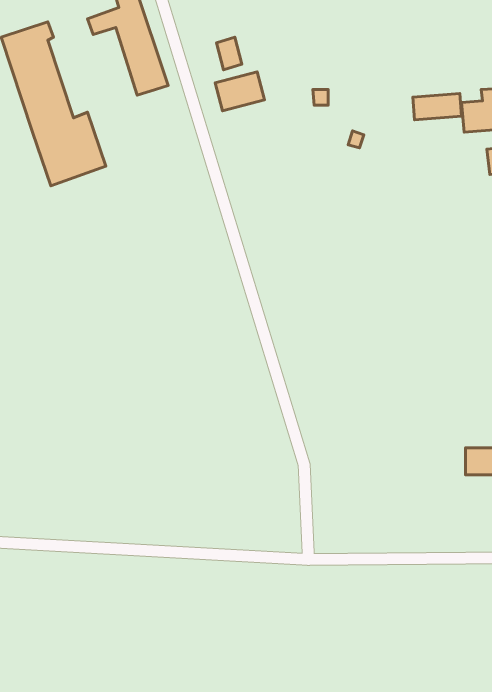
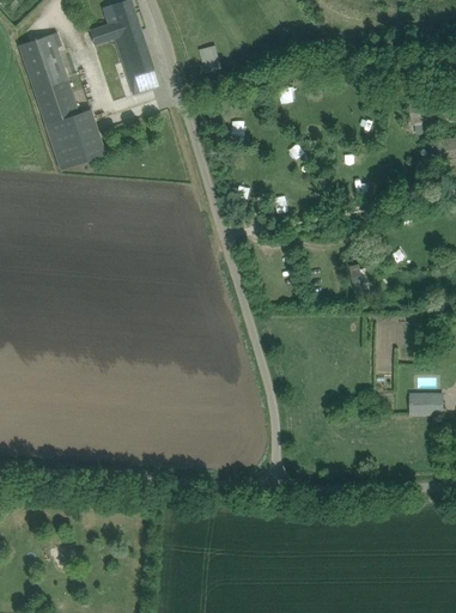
building: [215,72,264,111] -> none
building: [413,94,462,120] -> none

